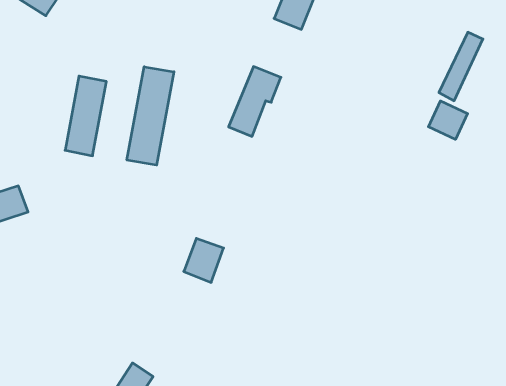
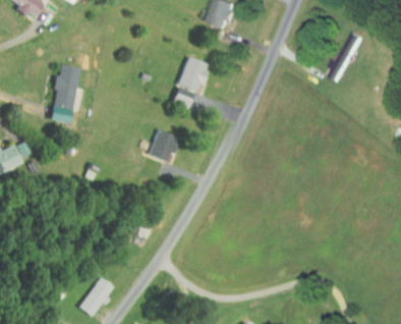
building: [127,67,174,165] -> none
building: [428,101,468,139] -> none
building: [184,238,224,282] -> [148,129,177,162]

